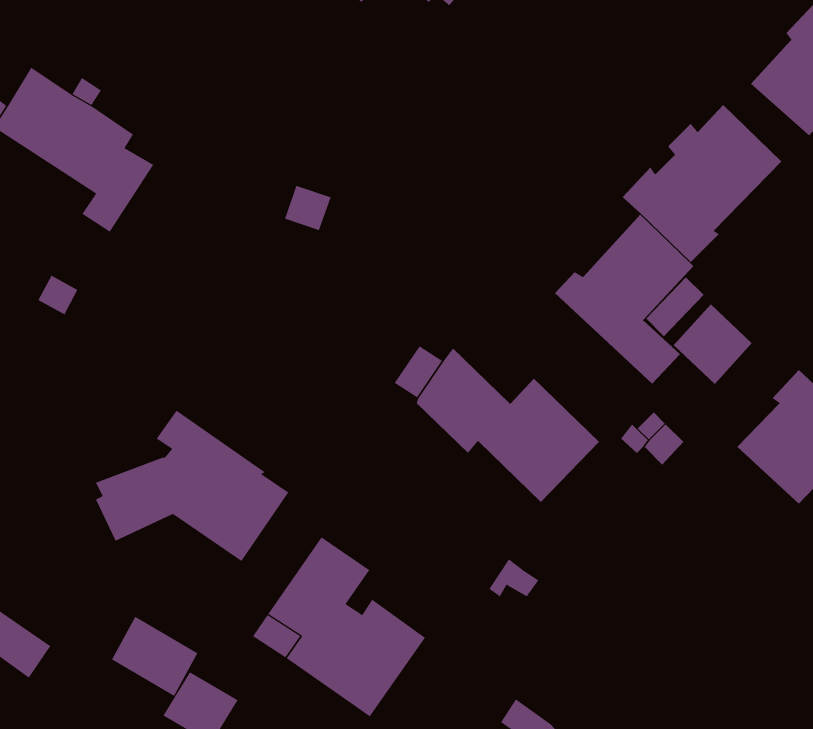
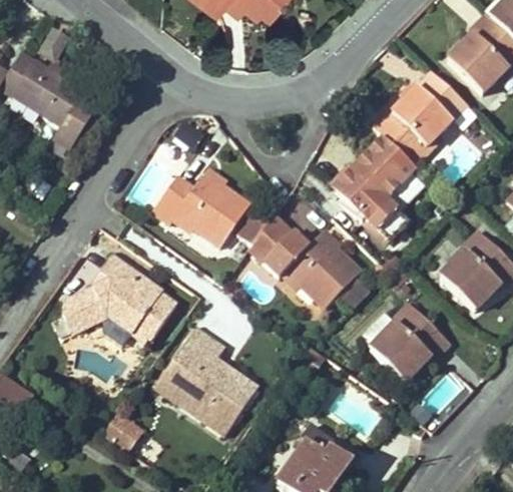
building: none -> [154,175,250,248]
building: [673,304,752,385] -> none
building: none -> [372,302,451,381]
building: [111,616,198,697] -> none

